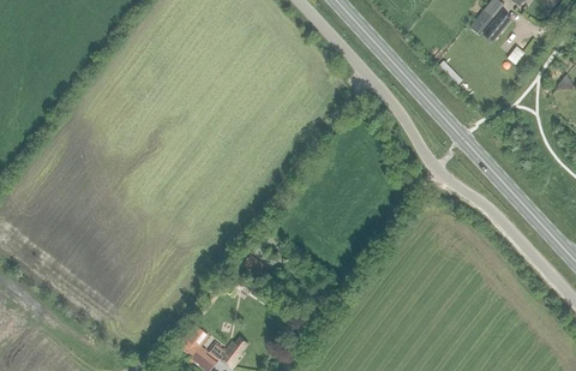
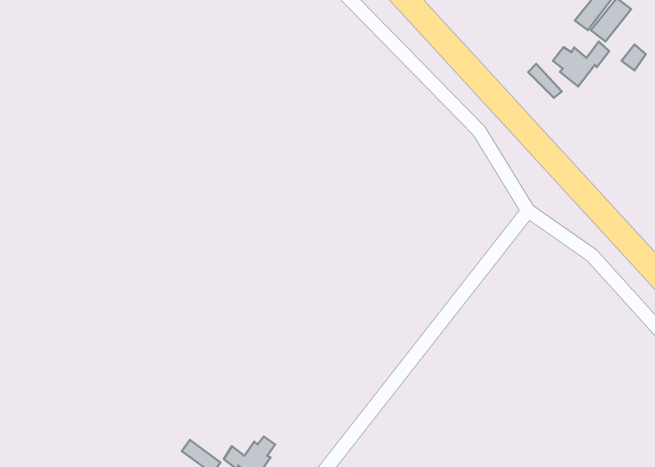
building: none -> [553,42,609,86]

